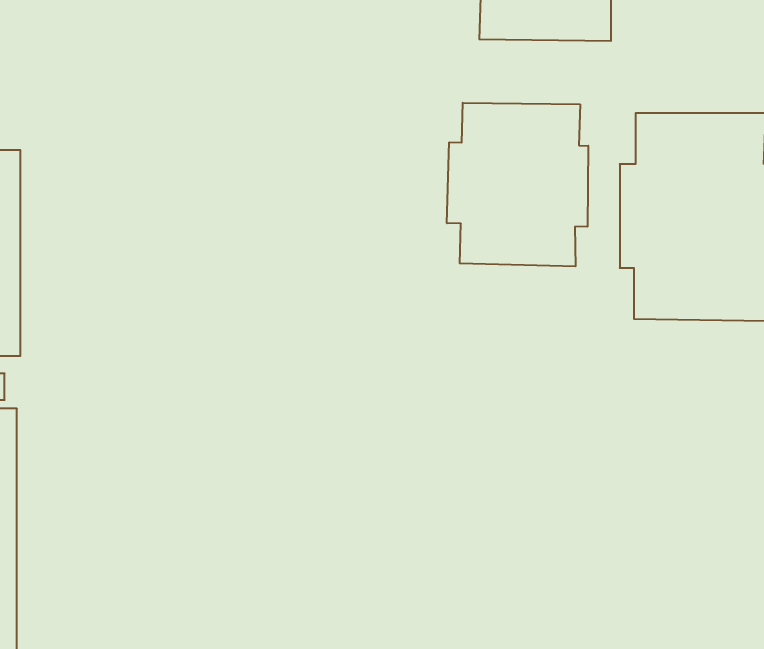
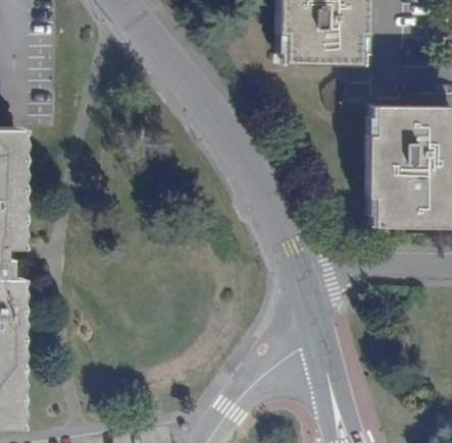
building: [447,103,588,266] -> none

